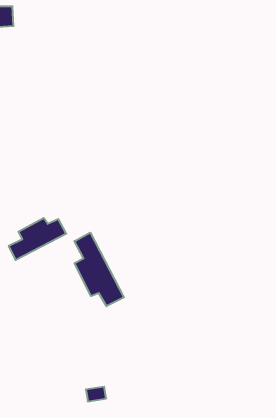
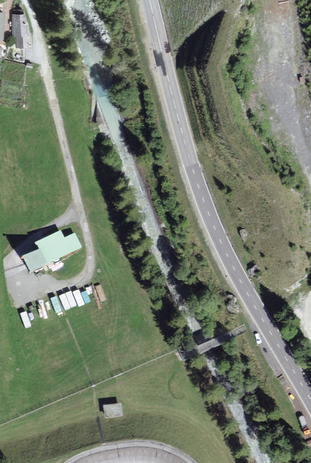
building: [74,233,124,306] -> none

